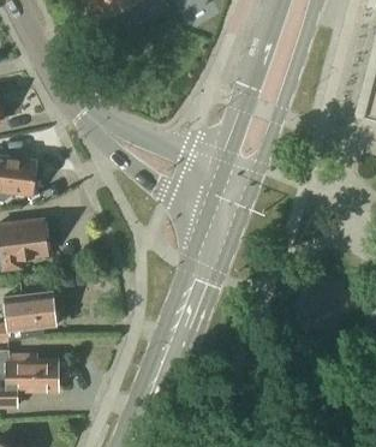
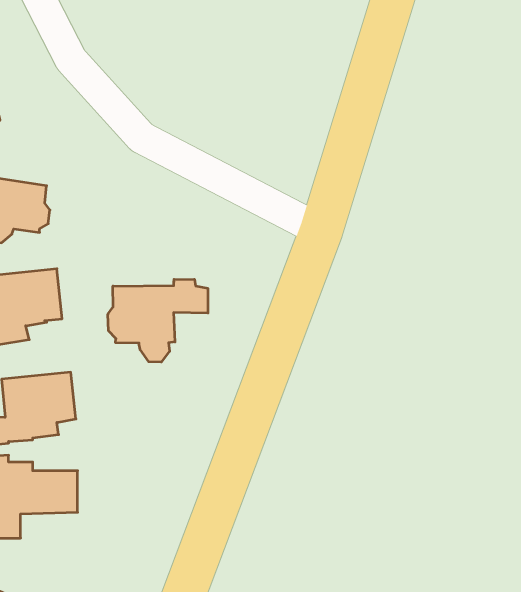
building: none -> [108,279,208,362]

